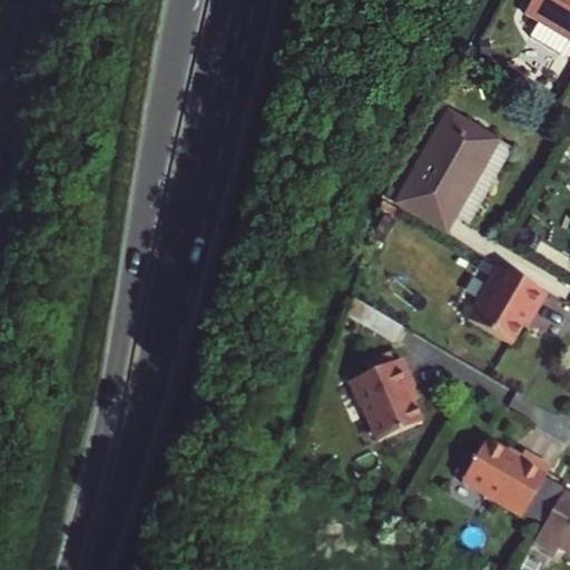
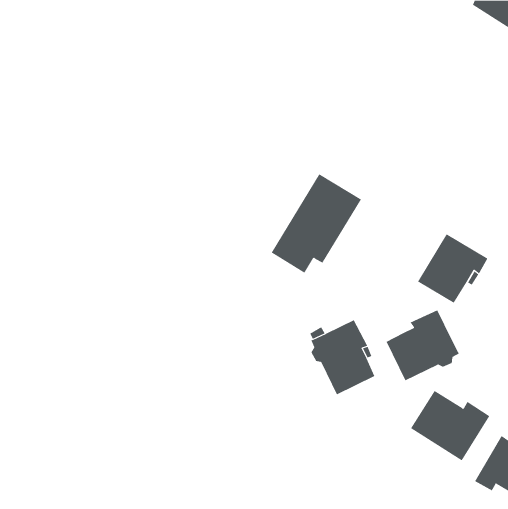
building: [400,109,501,220] -> [271,174,362,273]
building: none -> [386,310,460,381]

